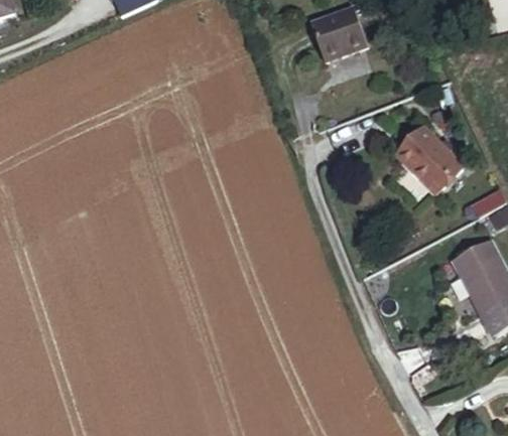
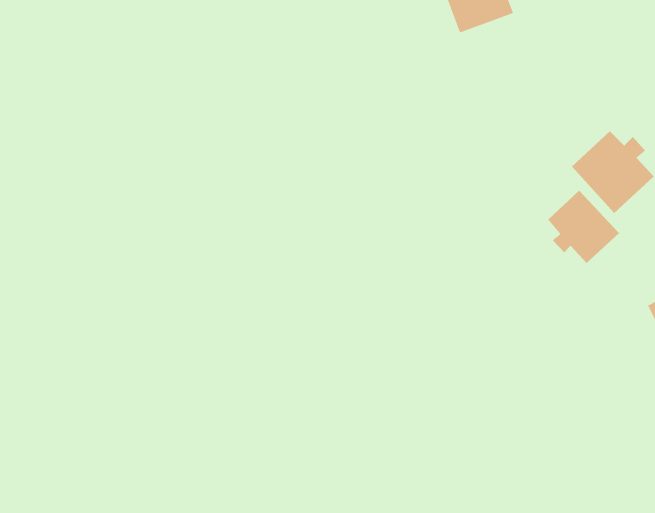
building: none -> [547,190,620,264]

